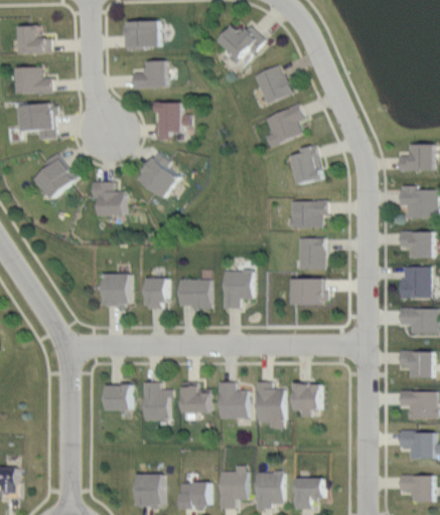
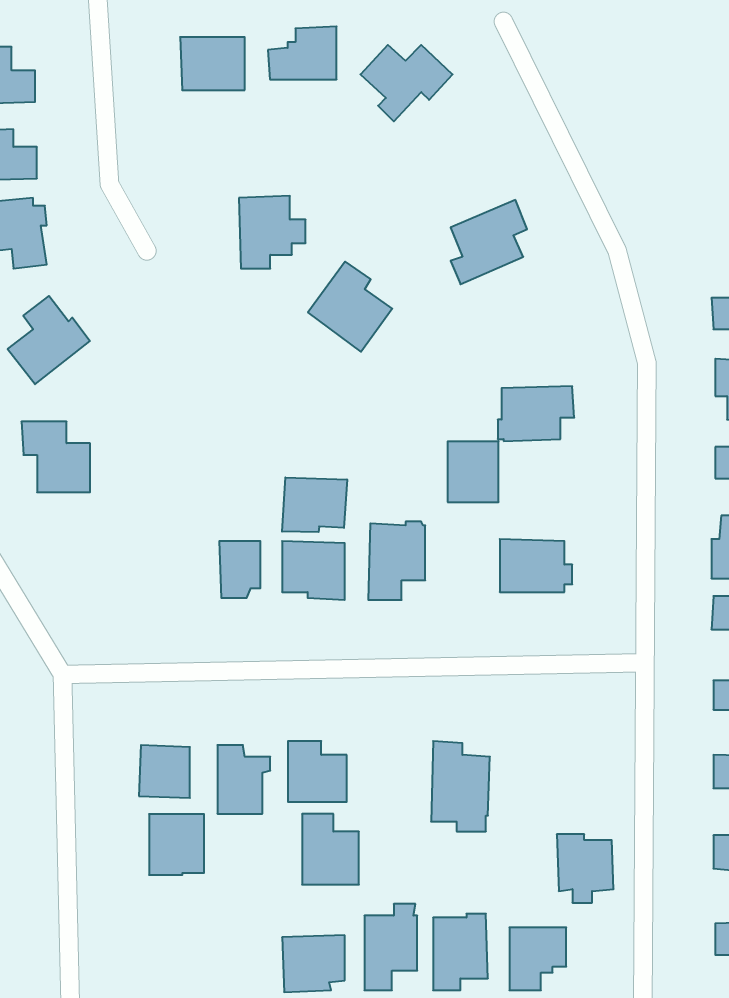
building: [131,60,166,88] -> [268,26,337,79]
building: [252,65,292,106] -> none
building: [290,146,321,185] -> none
building: [137,154,180,200] -> [308,262,392,352]
building: [89,181,124,217] -> [21,422,90,492]
building: [297,238,323,270] -> [448,441,499,502]
building: none -> [282,477,347,532]
building: [103,276,130,310] -> none
building: [217,382,247,418] -> [302,814,359,885]
building: [291,382,320,417] -> [557,834,614,903]
building: [136,475,164,506] -> [149,814,204,875]

